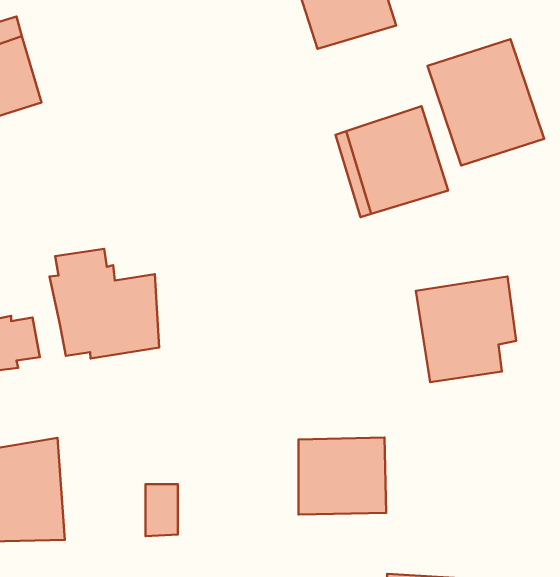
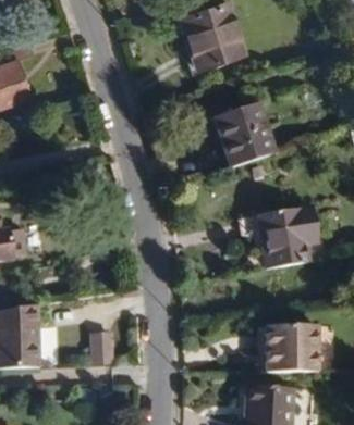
building: [427,39,544,166] -> none
building: [50,249,159,358] -> none
building: [299,438,386,515] -> [265,327,318,374]

